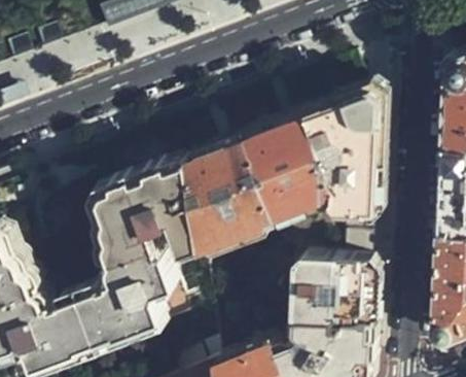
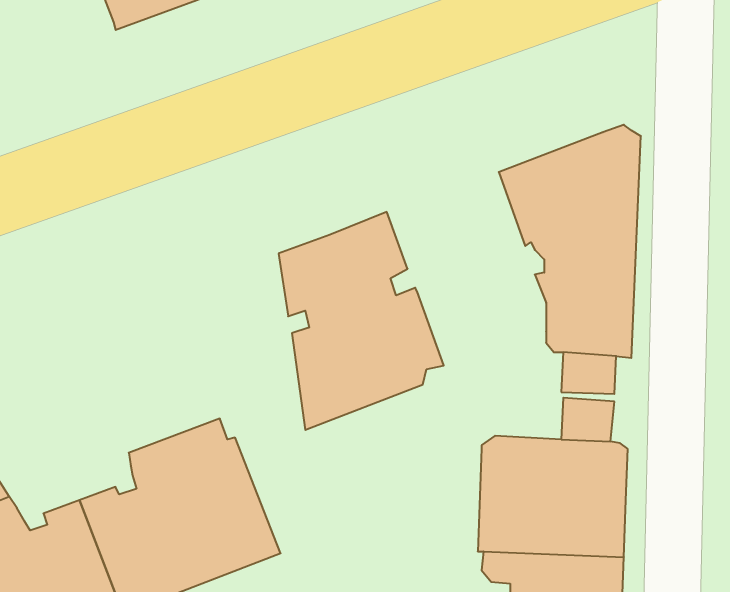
building: [243,112,329,217] -> none
building: [93,157,199,265] -> none

